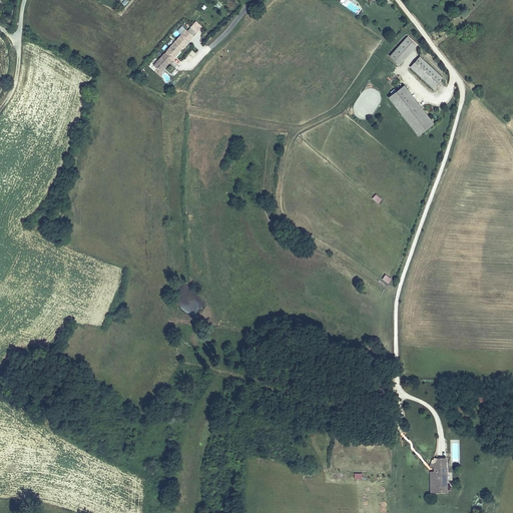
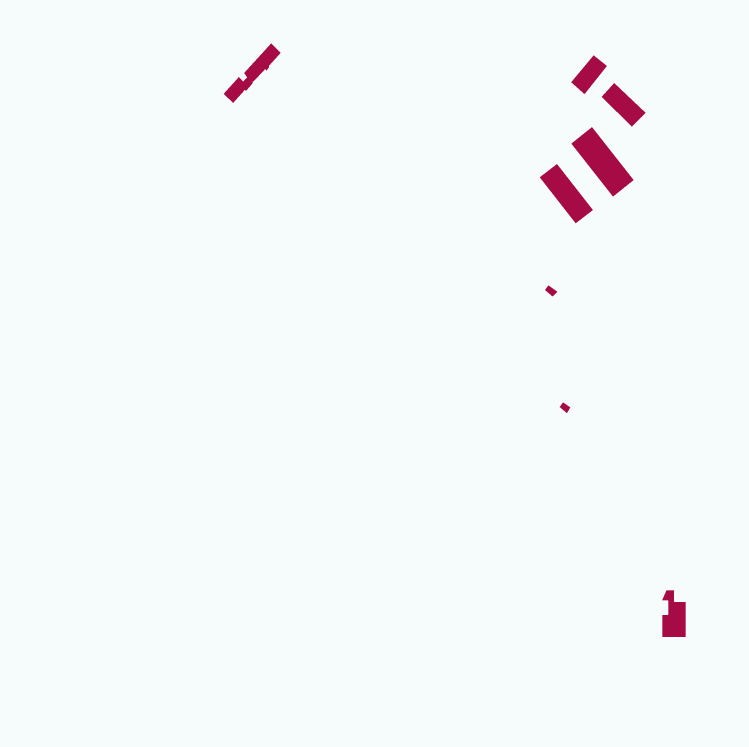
building: none -> [539,163,594,224]
building: [430,453,447,486] -> [662,589,687,638]

